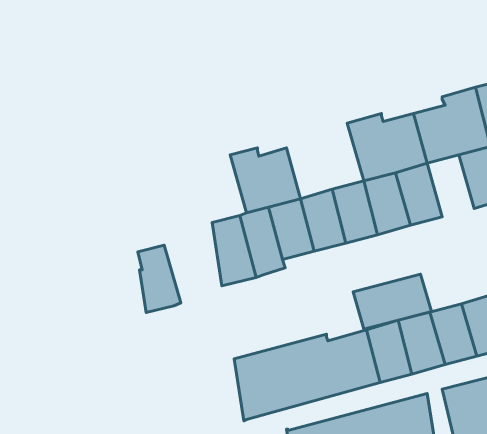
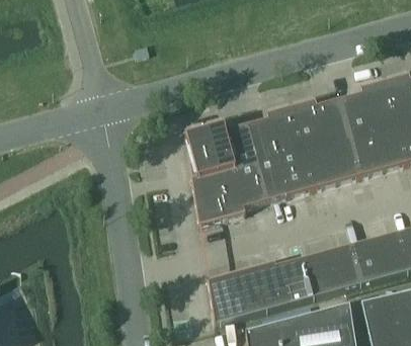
building: none -> [247,105,304,161]
building: none -> [350,128,385,174]
building: [138,245,181,313] -> [186,128,218,178]
building: [353,274,431,329] -> none

